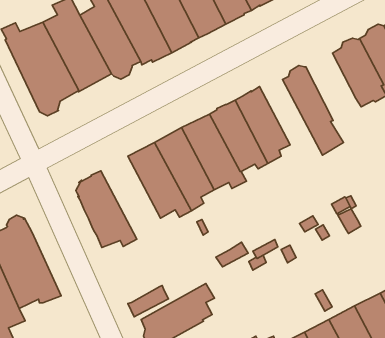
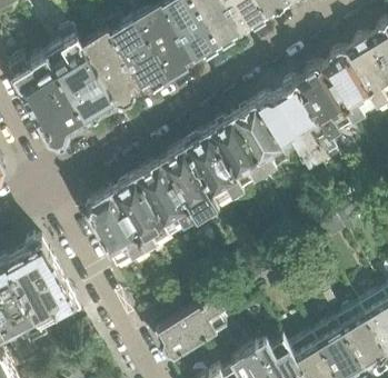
building: none -> [297,67,352,137]
building: none -> [255,96,318,169]
building: none -> [110,177,169,255]

